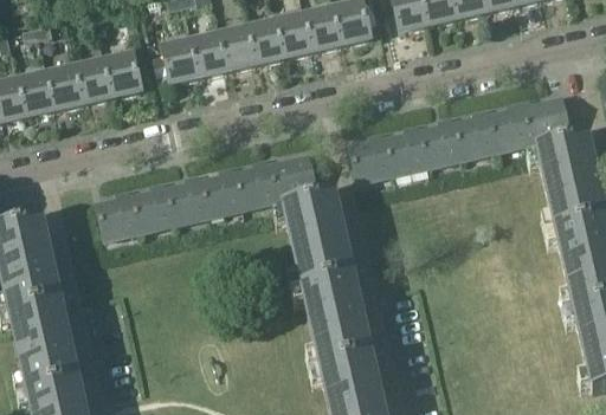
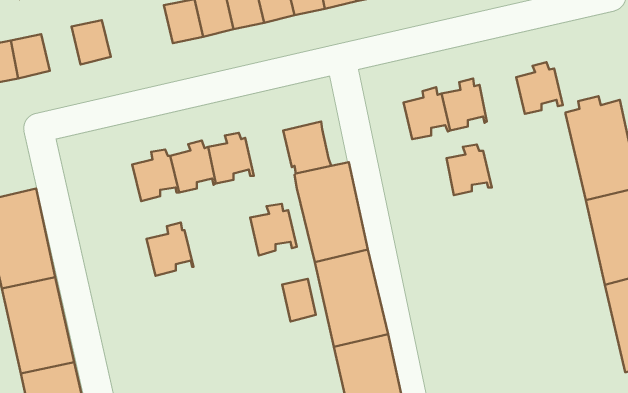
building: [104,54,142,95] -> none
building: [47,66,84,108] -> none
building: [527,97,569,140] -> none
building: [457,108,499,155] -> [446,144,492,195]
building: [350,131,394,180] -> none
building: [238,157,282,206] -> [250,204,297,256]
building: [97,188,141,238] -> [147,223,193,276]
building: none -> [282,279,316,322]

